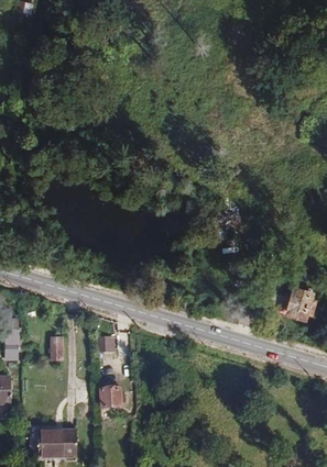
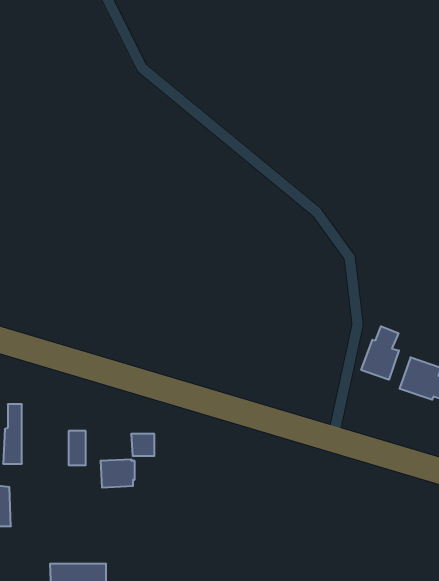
building: none -> [361,326,399,380]
building: [98,390,122,410] -> [100,459,135,488]

